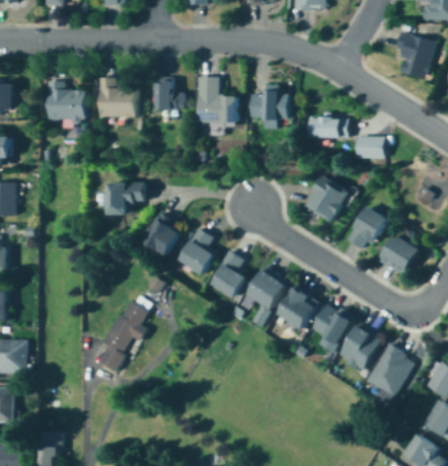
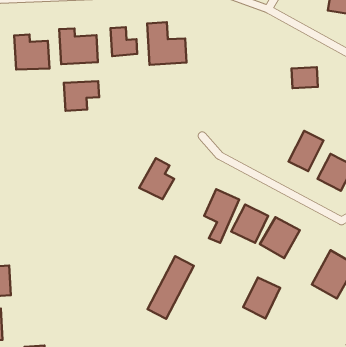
building: [249,84,289,129] -> none
building: [309,118,348,138] -> none
building: [306,176,348,221] -> none
building: [106,183,145,215] -> [64,81,99,111]
building: [141,212,183,256] -> none
building: [209,250,247,299] -> none
building: [94,300,149,370] -> [147,256,194,319]
building: [340,324,382,371] -> [243,277,280,319]

